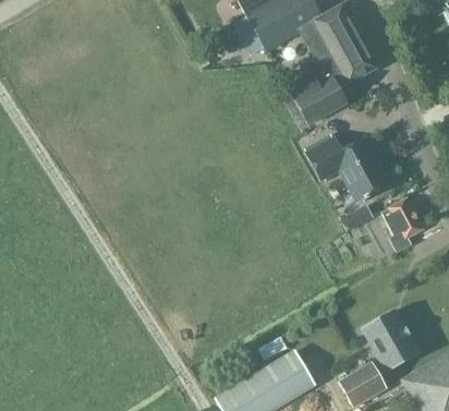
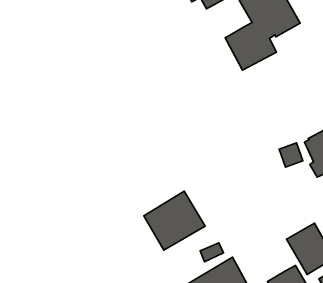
building: [305,135,391,202] -> none
building: none -> [144,191,205,250]

